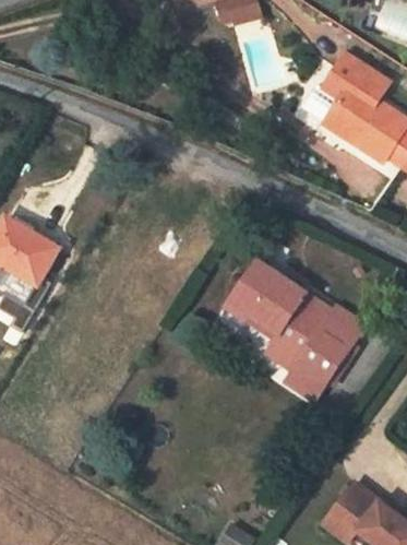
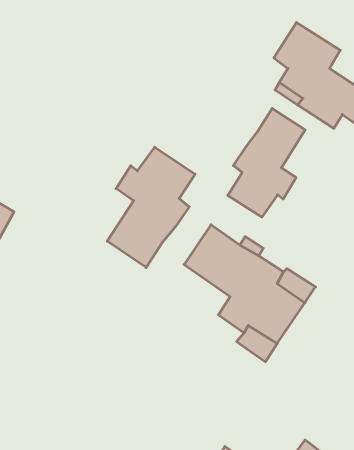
building: none -> [228,108,305,217]
building: none -> [107,147,195,268]

